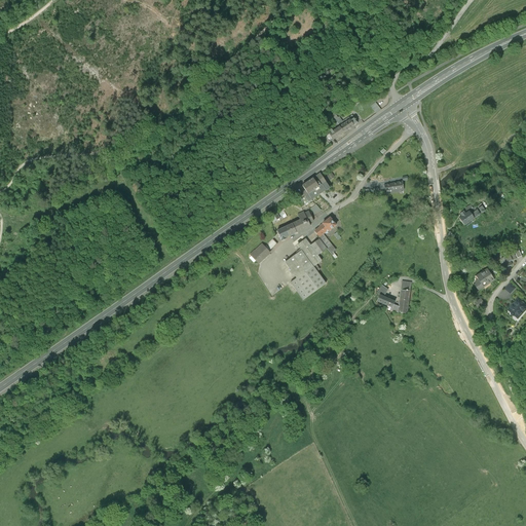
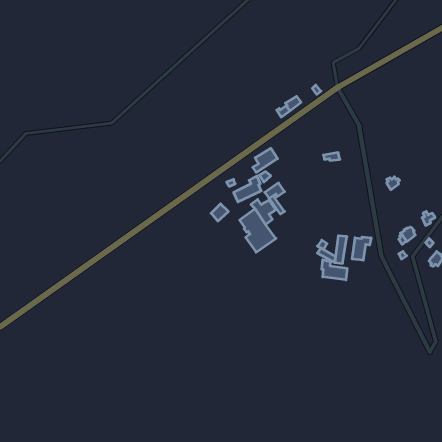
building: none -> [352,237,371,260]
building: none -> [322,260,347,280]

